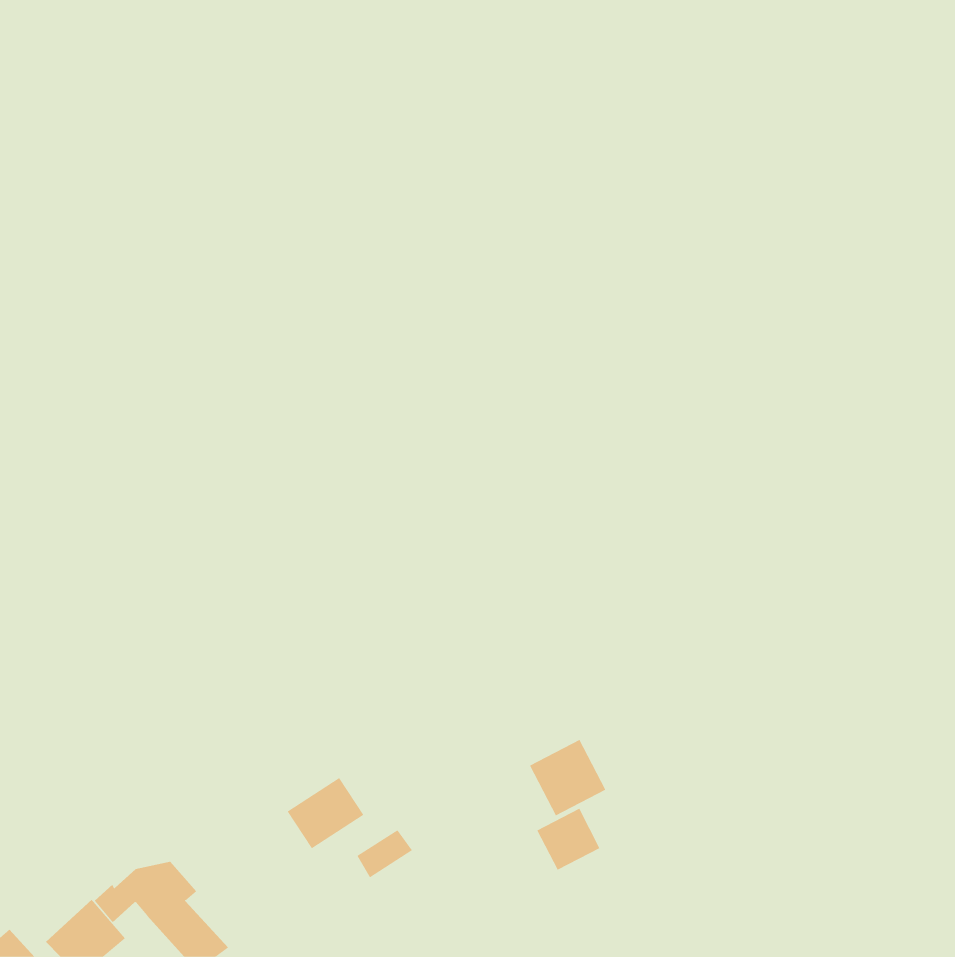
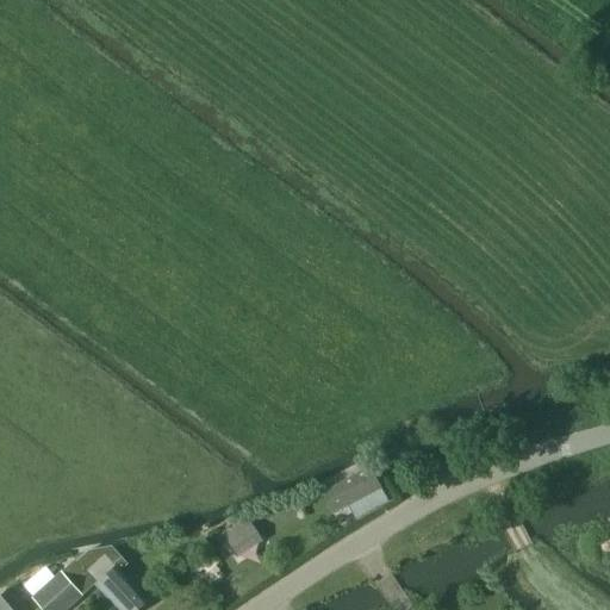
building: [287,777,364,849] -> none
building: [536,808,600,871] -> none

